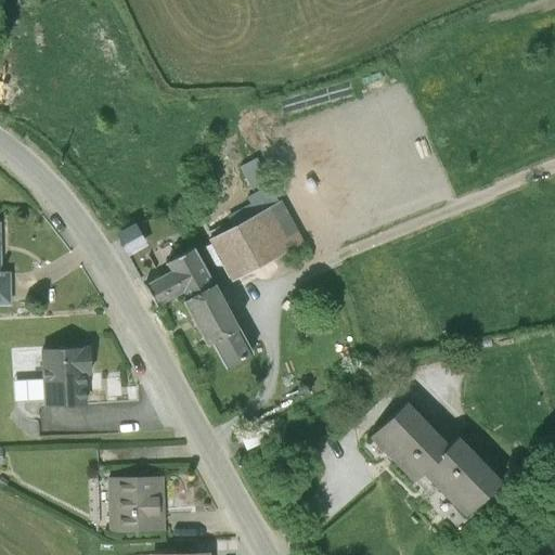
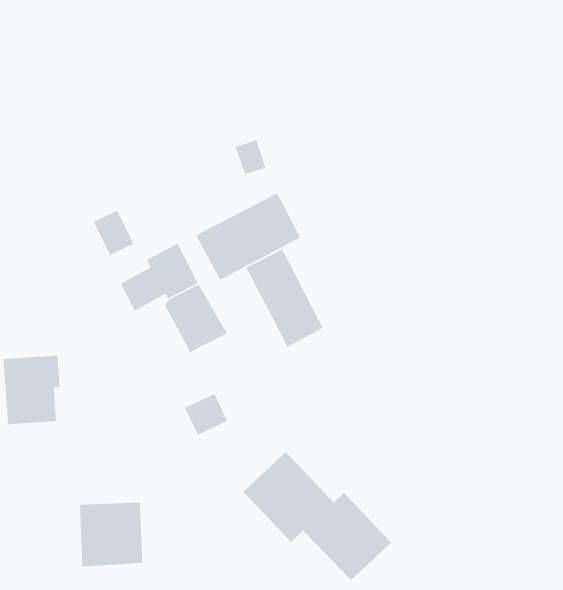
building: none -> [245,249,324,348]
building: [212,327,251,365] -> [184,393,228,436]
building: [371,401,502,515] -> [243,451,392,581]

